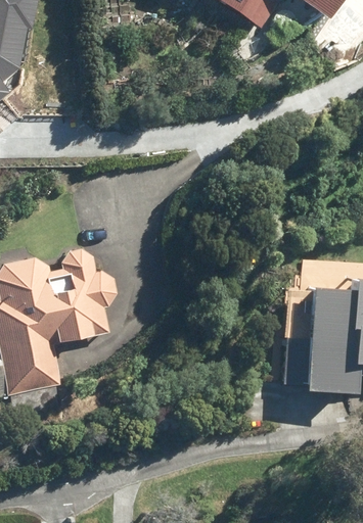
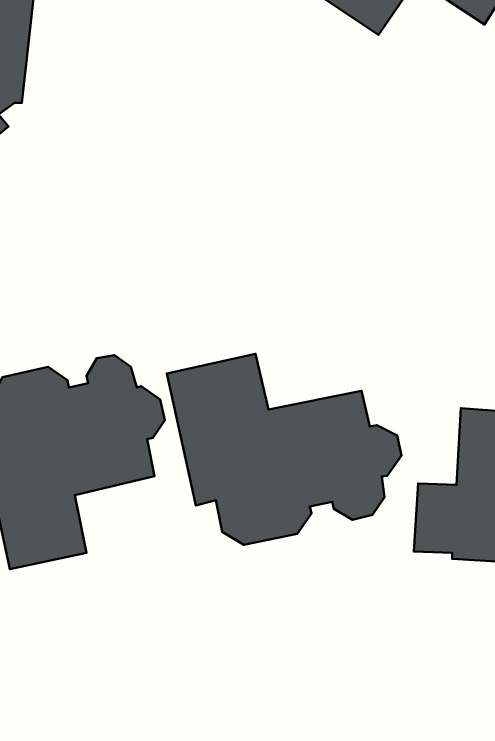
building: none -> [167,354,402,545]

